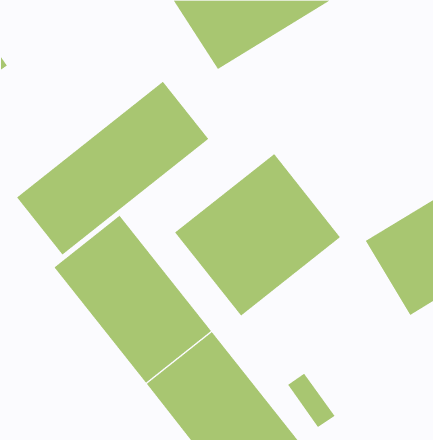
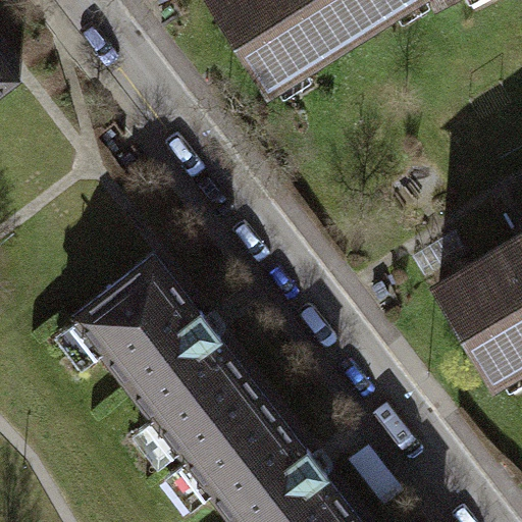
building: [16,81,209,256] -> none
building: [174,153,341,317] -> none

